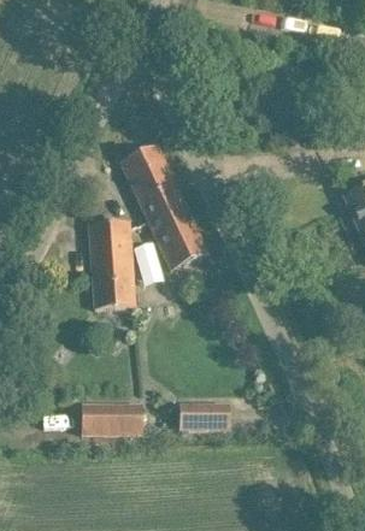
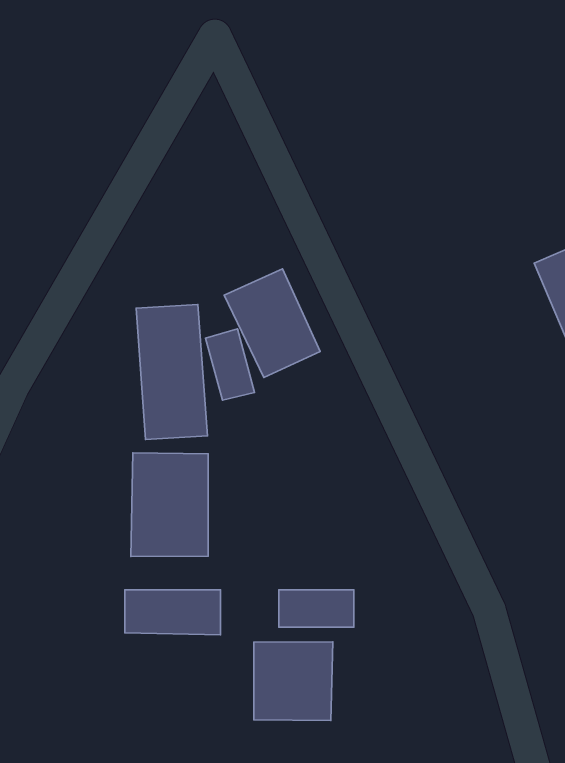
building: [120,144,182,214] -> none
building: none -> [131,453,208,556]
building: none -> [254,642,333,720]

